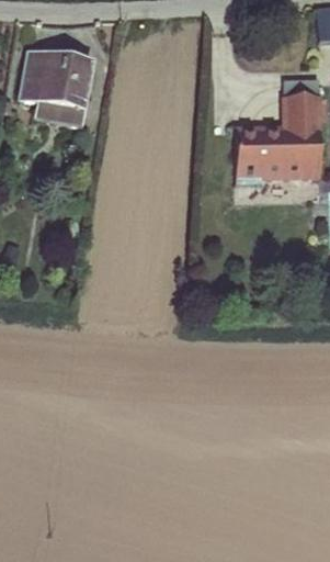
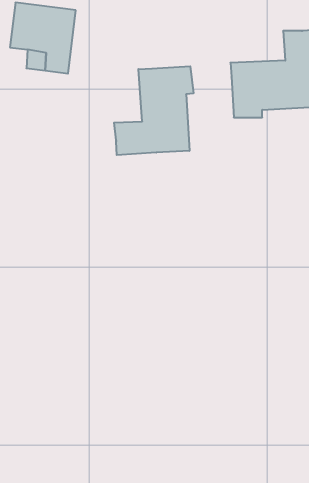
building: none -> [114,66,193,155]

